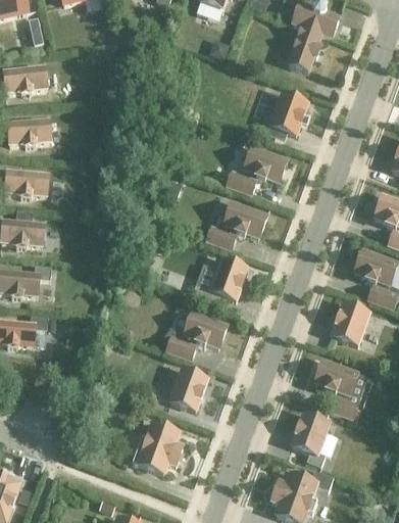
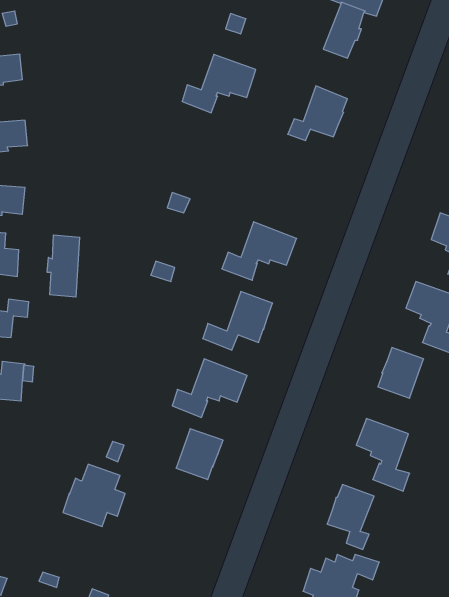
building: [227,146,286,193] -> [182,54,256,113]
building: none -> [47,235,80,297]
building: [132,422,182,472] -> [63,464,125,526]

